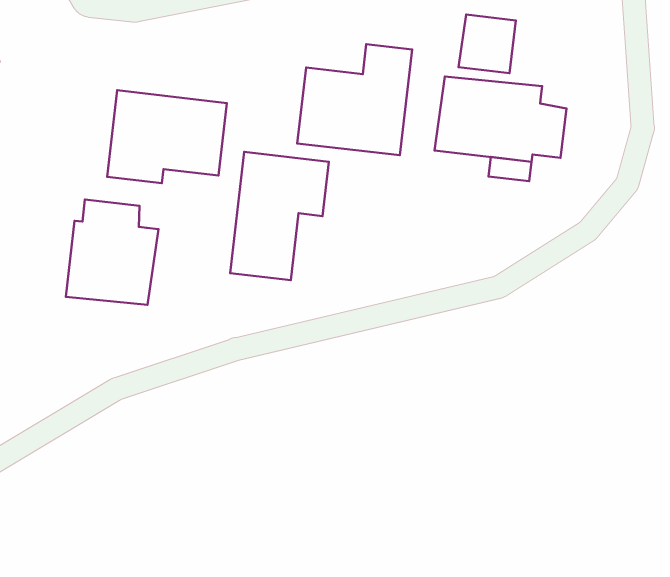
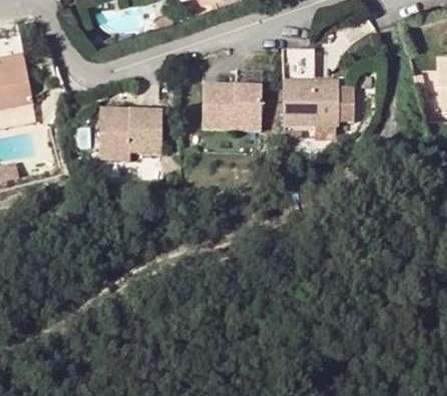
building: [230,152,329,280] -> none
building: [66,199,158,305] -> none

